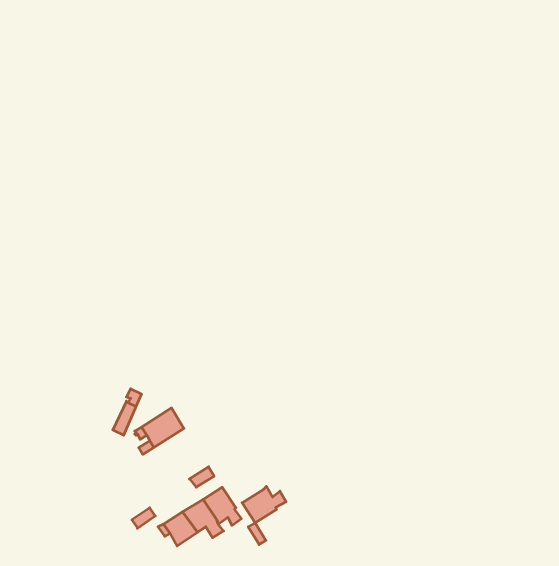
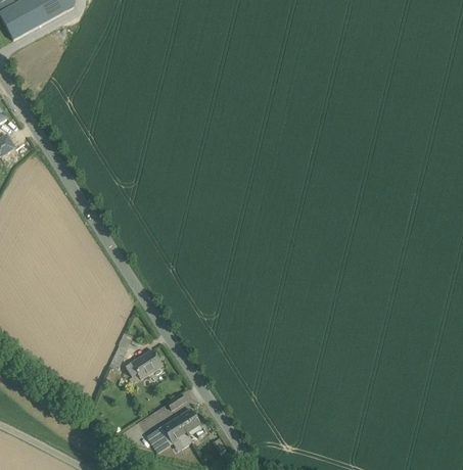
building: [242,486,286,523] -> none

